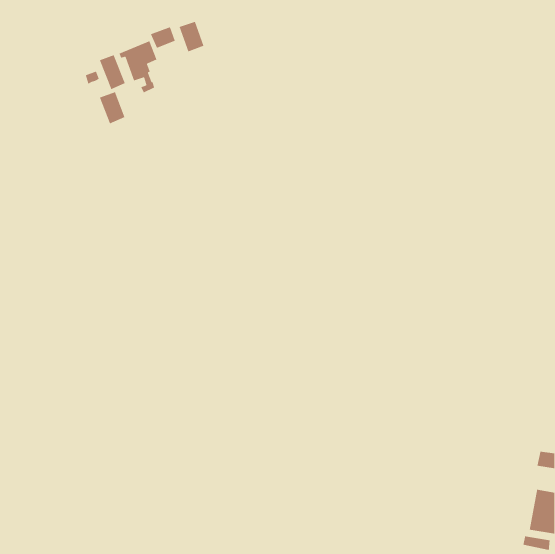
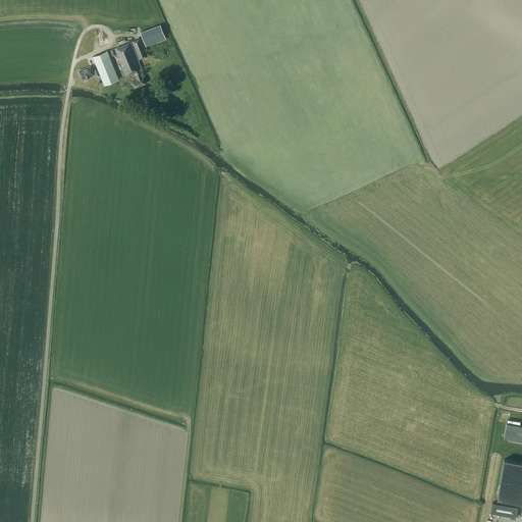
building: [178,21,204,53] -> none
building: [99,91,126,124] -> none

